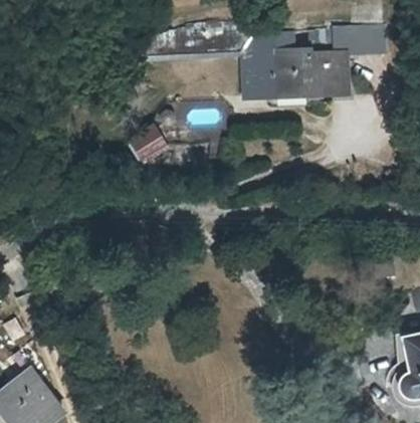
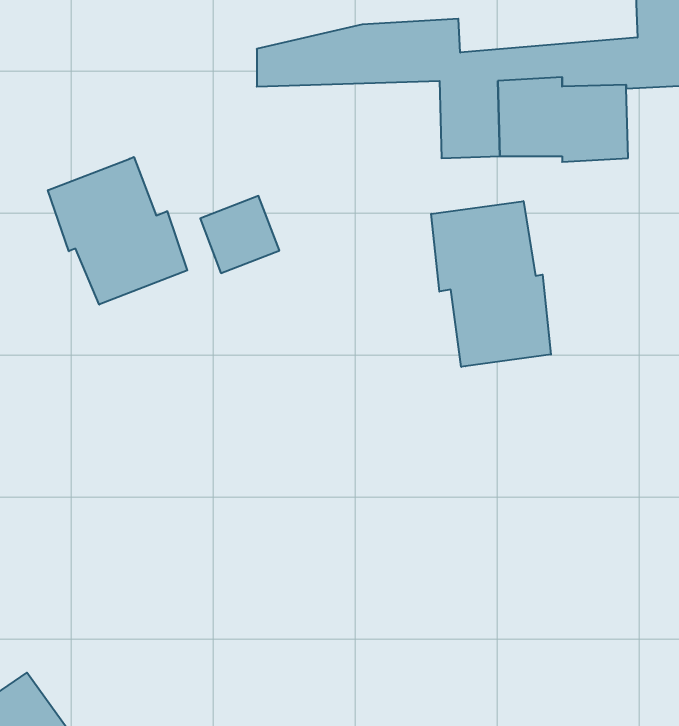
building: none -> [48,157,187,305]
building: none -> [431,201,551,367]

